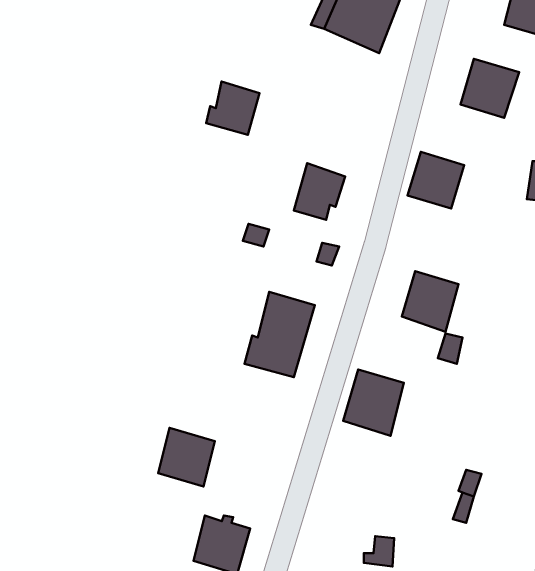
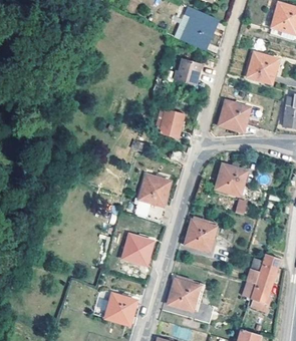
building: [206,82,259,135] -> [172,55,200,83]
building: [158,428,215,487] -> [122,234,153,265]
building: none -> [251,254,280,311]
building: none -> [168,276,205,311]

